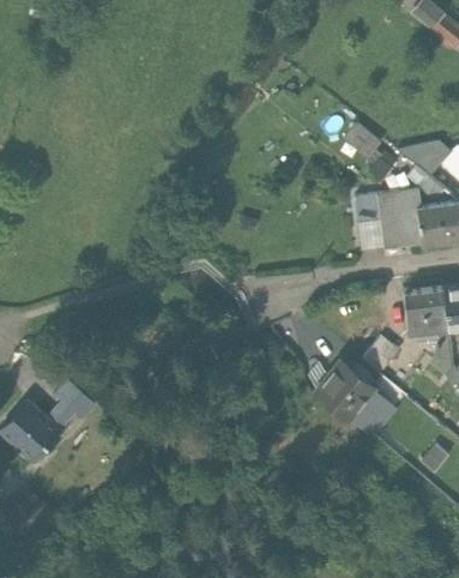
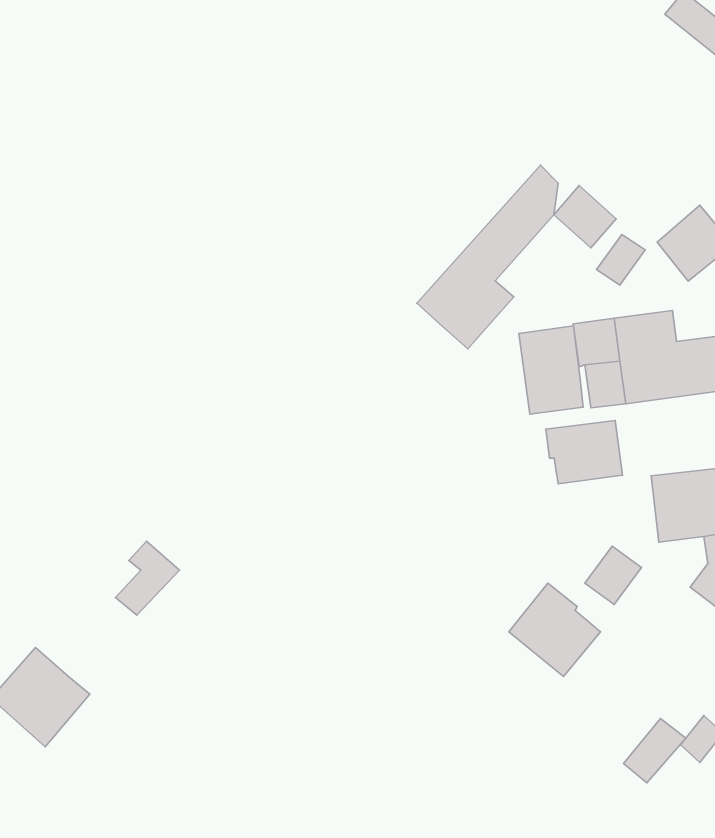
building: none -> [417,165,558,349]
building: none -> [519,326,583,414]
building: none -> [546,420,623,484]
building: [46,383,85,428] -> [115,541,180,615]
building: [350,390,388,429] -> [623,719,686,783]

